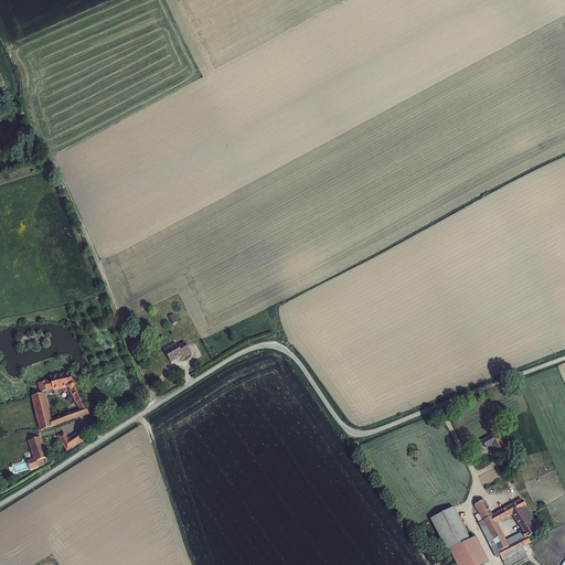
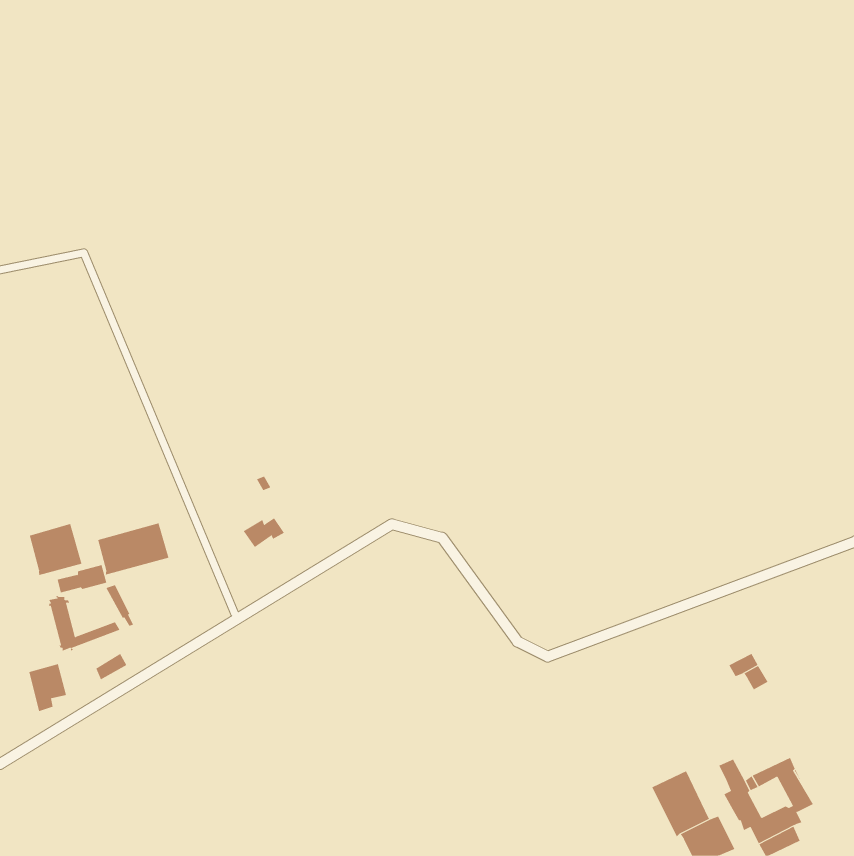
building: none -> [97,522,169,575]
building: none -> [29,523,82,576]

